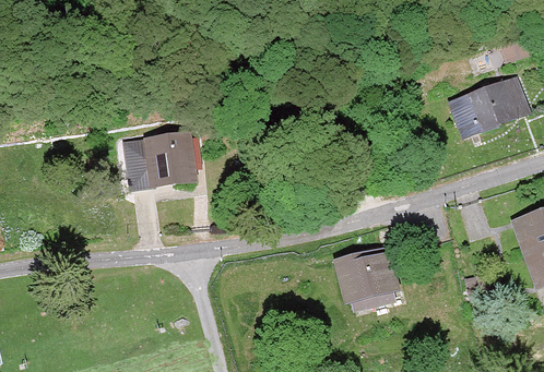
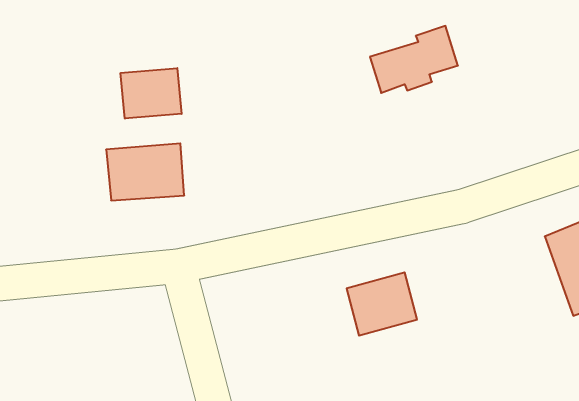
building: none -> [121,68,182,119]
building: [448,73,525,132] -> [370,26,458,93]

